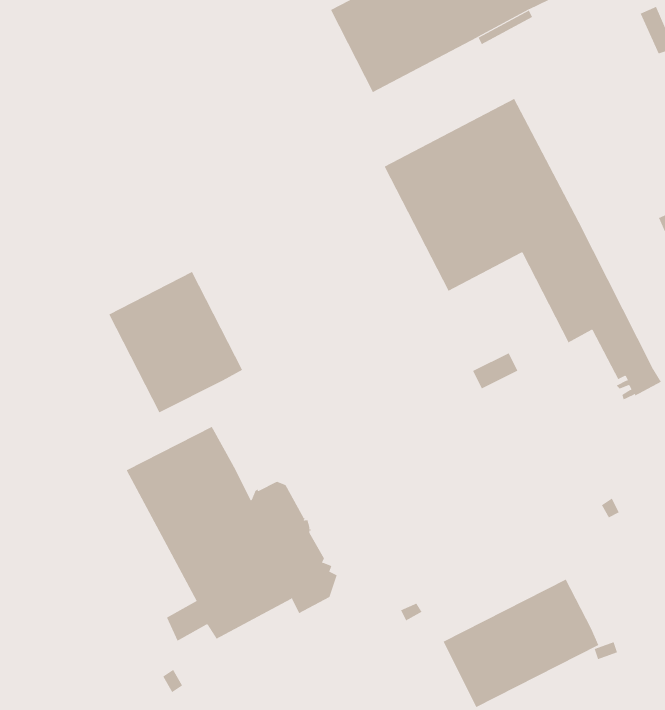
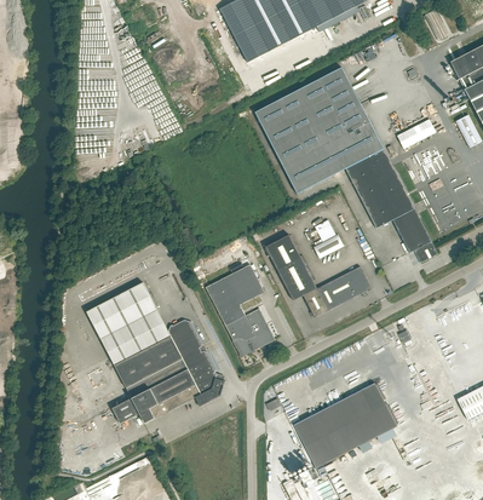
building: [108,271,243,413] -> none
building: none -> [266,234,372,316]
building: none -> [206,263,276,356]

